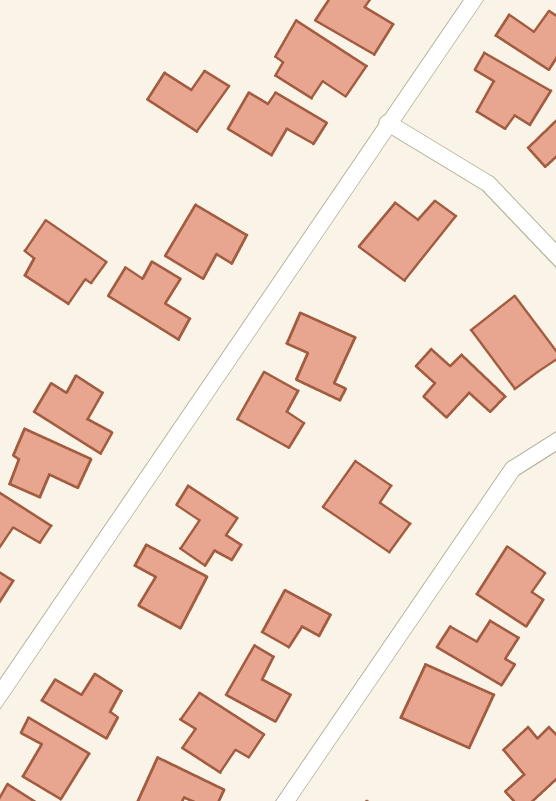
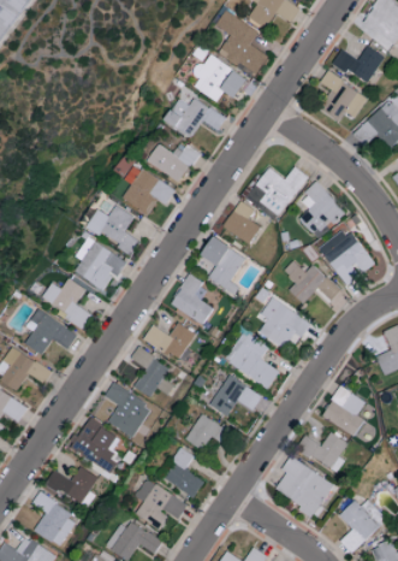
building: [147,71,229,132] -> [148,142,200,181]
building: [25,220,106,304] -> [75,236,126,289]
building: none -> [297,181,343,237]
building: none -> [222,200,260,243]
building: none -> [256,296,310,349]
building: none -> [143,321,194,360]
building: none -> [209,374,261,415]
building: none -> [72,419,120,470]

